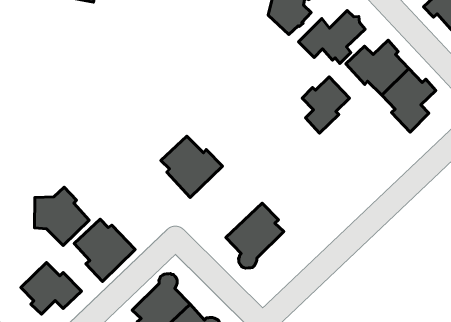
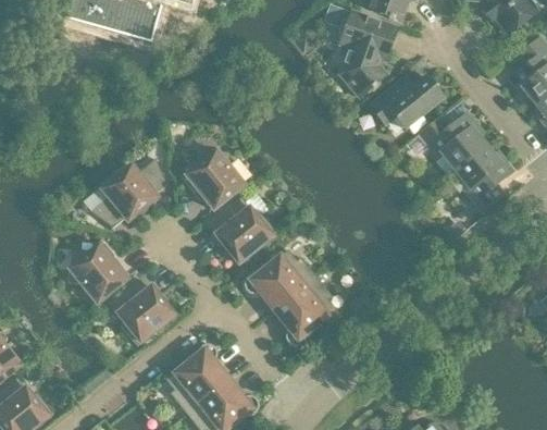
building: [302,77,349,133] -> none
building: none -> [182,147,244,209]
building: none -> [90,157,169,229]
building: none -> [244,248,315,309]
building: [21,263,81,314] -> none

